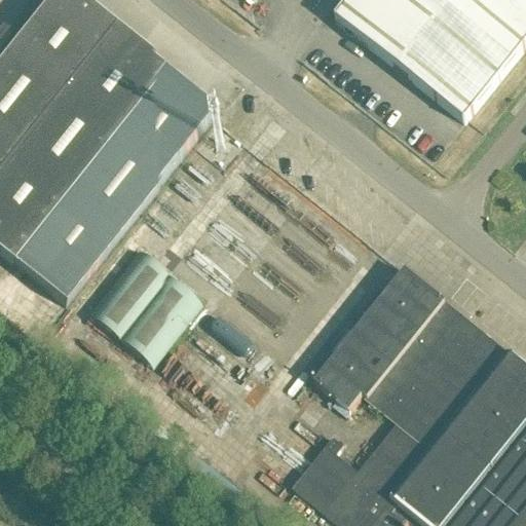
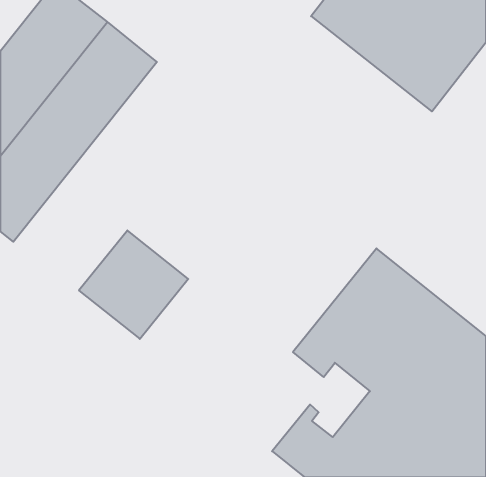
building: [14,67,220,301] -> none

